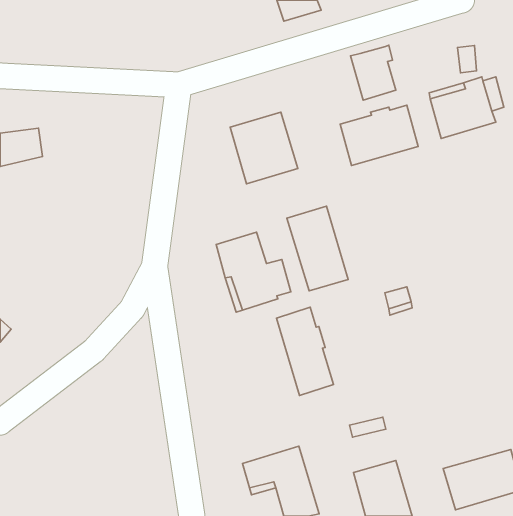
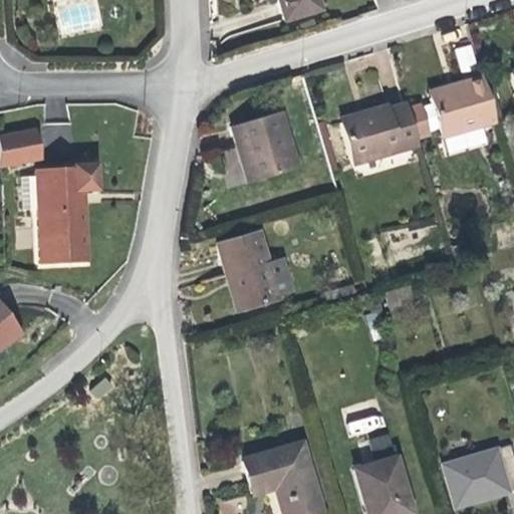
building: [350,45,396,100] -> none
building: none -> [31,158,103,257]
building: [287,206,348,291] -> none
building: [276,307,333,396] -> none

